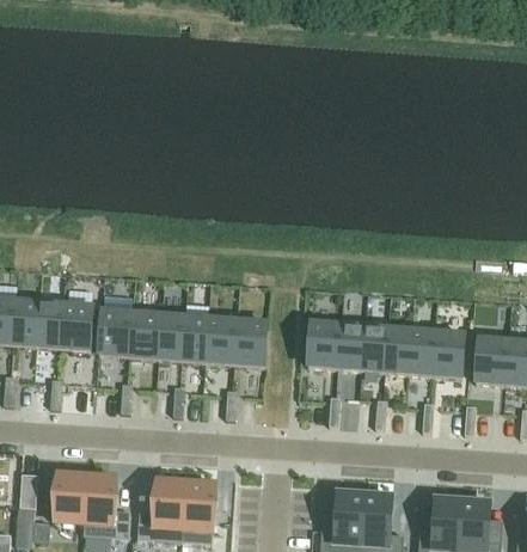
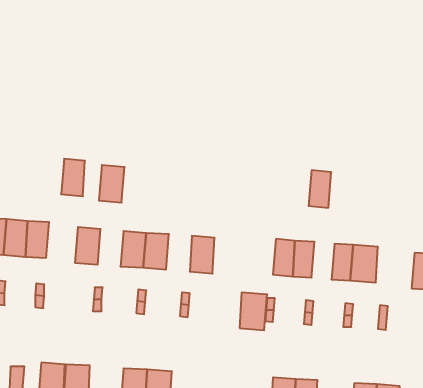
building: [63,303,92,349] -> [61,159,85,196]
building: [125,312,157,357] -> [99,165,125,203]
building: [208,318,239,363] -> none
building: [307,321,341,367] -> [240,292,267,330]
building: [384,327,411,373] -> [309,170,331,208]
building: [474,338,508,384] -> none

